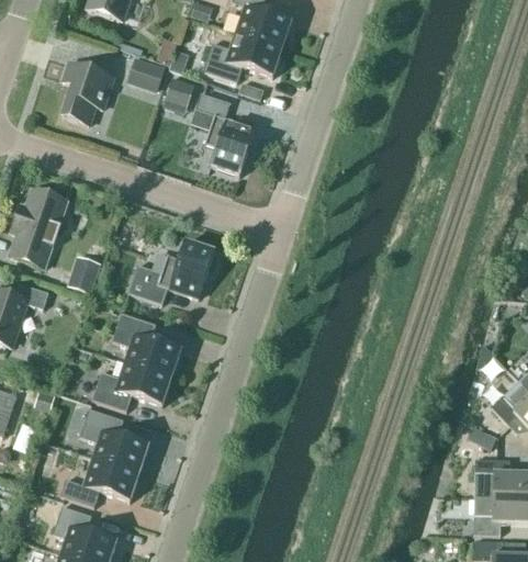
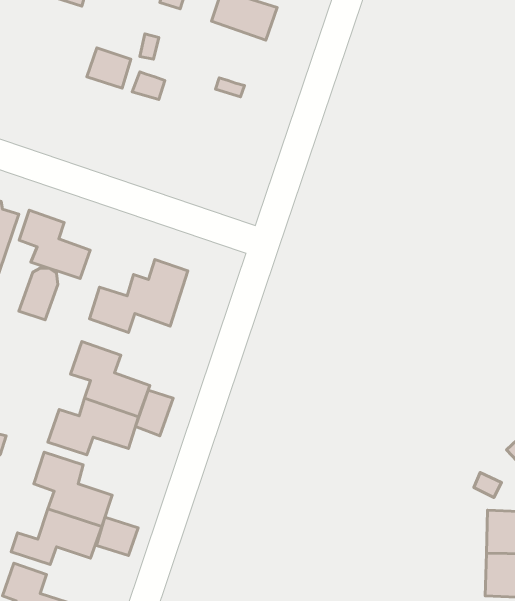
building: [203,33,282,82] -> none
building: [63,63,113,124] -> none
building: [195,92,256,176] -> none
building: none -> [19,210,90,278]
building: none -> [136,390,173,436]
building: none -> [97,517,138,556]

